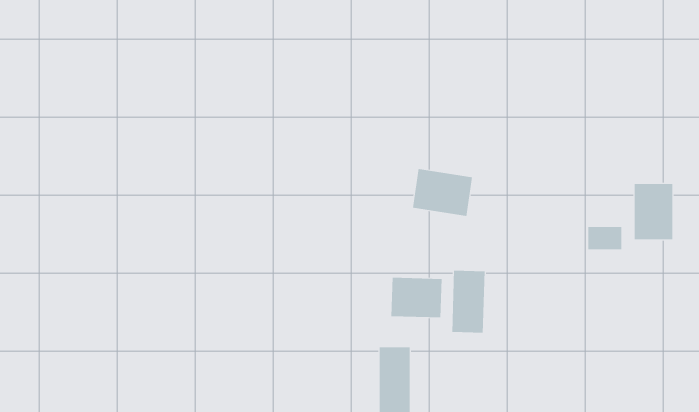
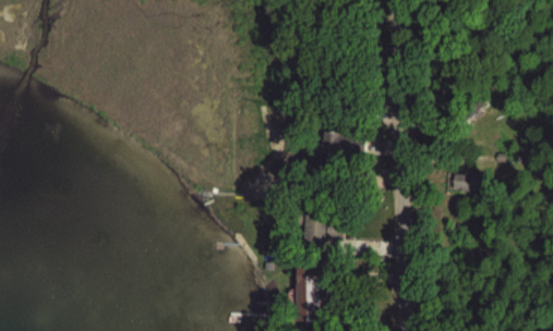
building: [634,183,673,240] -> none
building: [452,270,485,333] -> none

